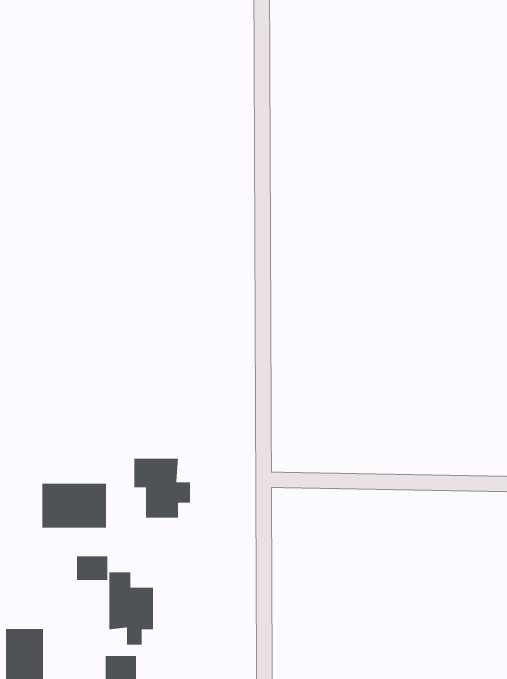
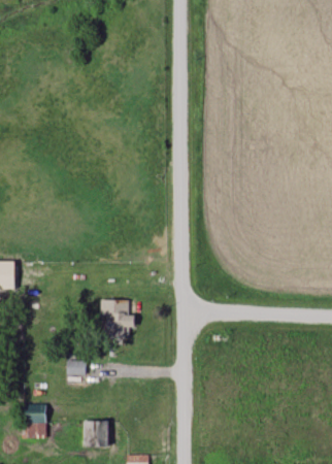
building: [41,483,107,529] -> none
building: [108,572,154,645] -> none

